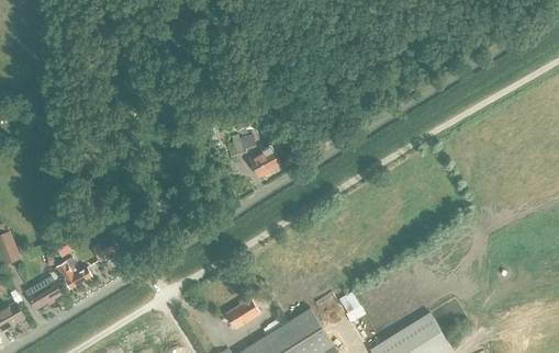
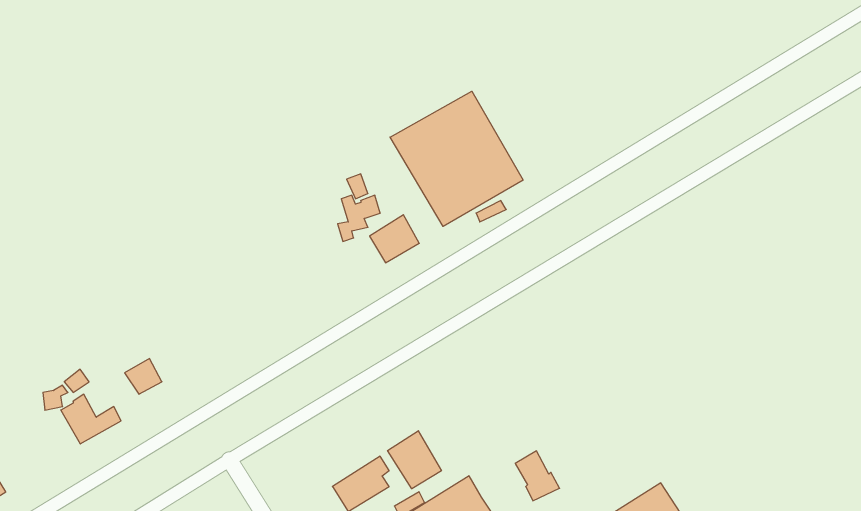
building: none -> [390,91,523,226]
building: [24,276,64,308] -> none
building: none -> [388,431,441,489]

